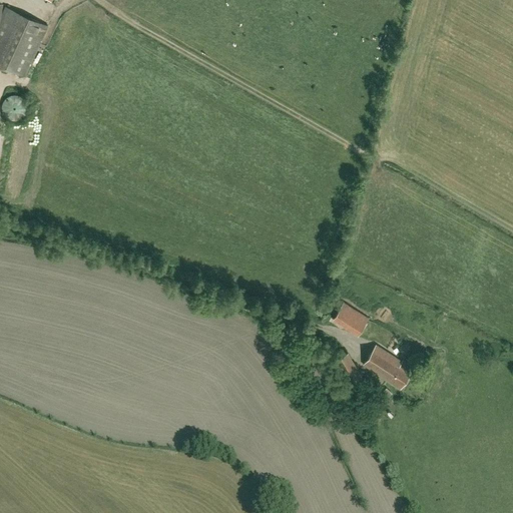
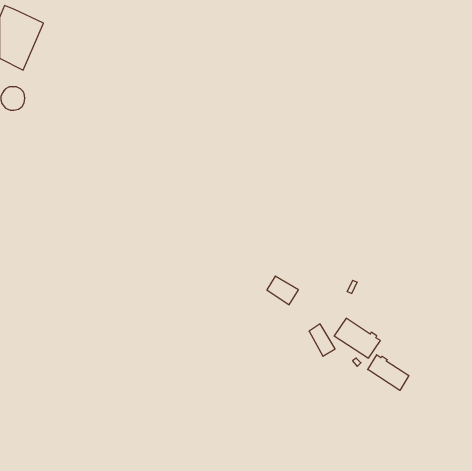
building: [333,305,367,336] -> [267,276,298,305]
building: none -> [368,355,409,390]

